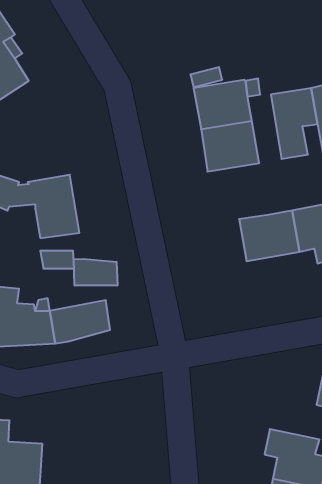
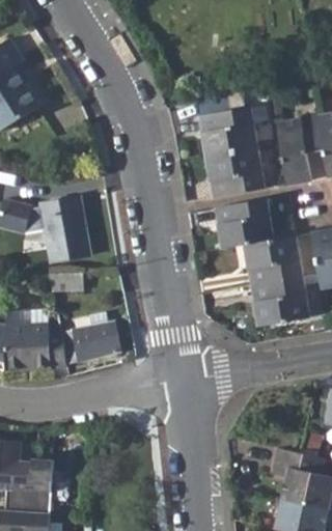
building: none -> [216,198,275,248]
building: none -> [253,276,312,328]
building: [74,259,117,286] -> none

